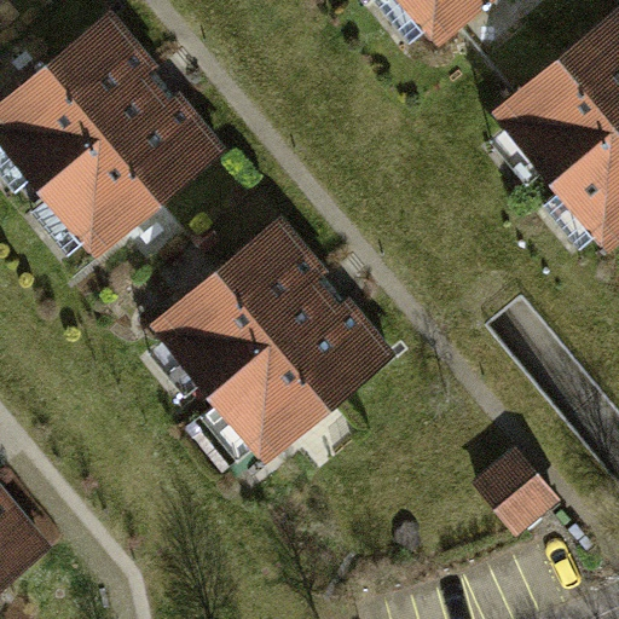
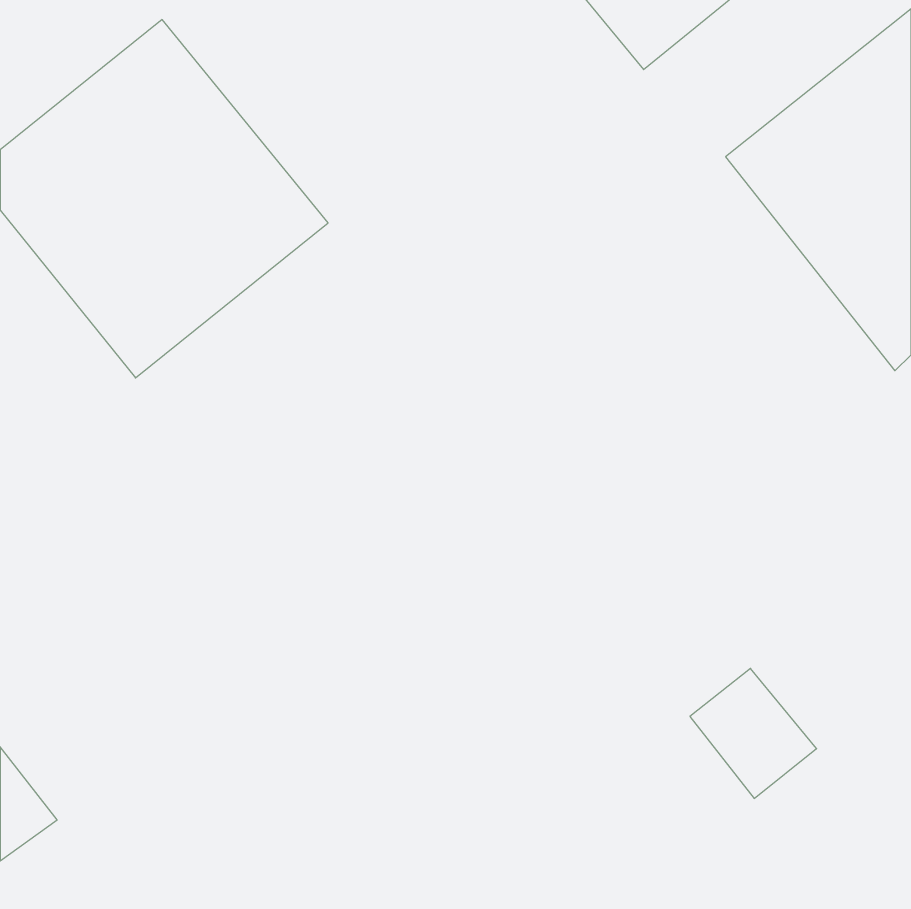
building: [147,220,393,464] -> none

